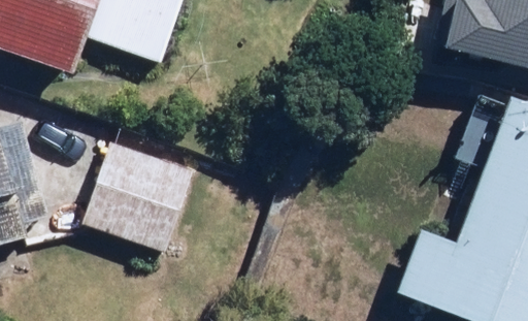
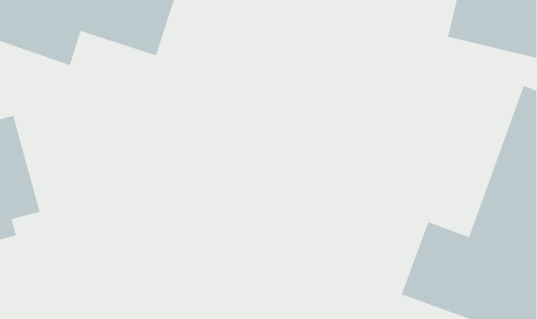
building: [79,141,187,243] -> none

